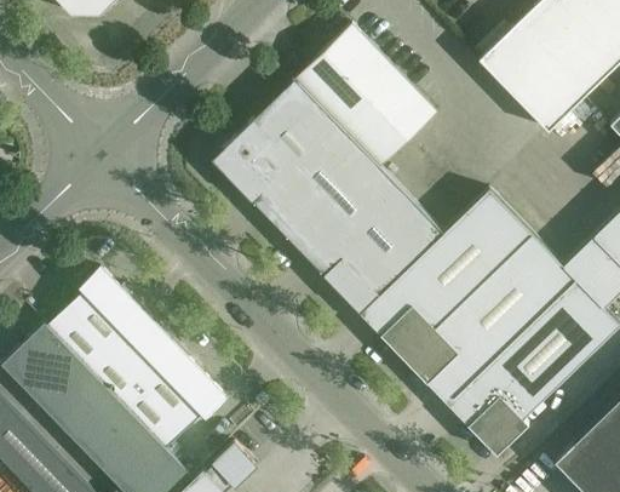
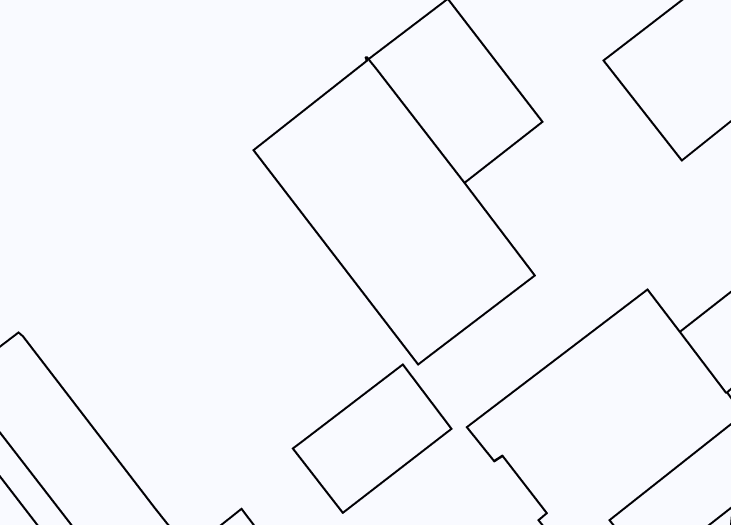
building: [366,189,533,359] -> none
building: [47,268,225,450] -> none
building: none -> [293,365,451,513]

